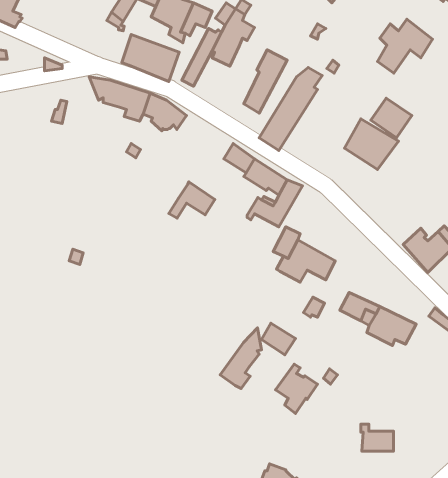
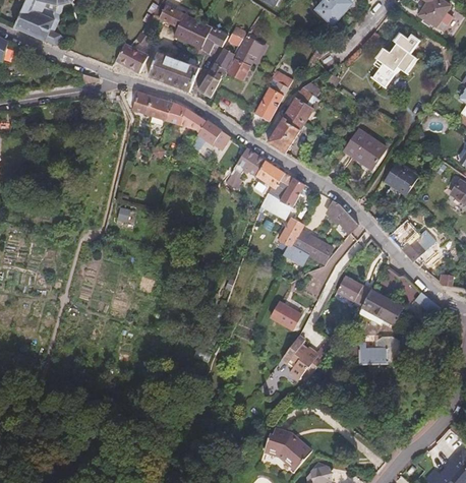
building: none -> [117,45,149,72]
building: [371,98,412,138] -> [385,160,420,194]
building: [169,182,215,218] -> [188,120,228,152]
building: none -> [328,199,364,238]
building: [220,328,262,388] -> none
building: [361,424,394,451] -> [360,338,389,361]

